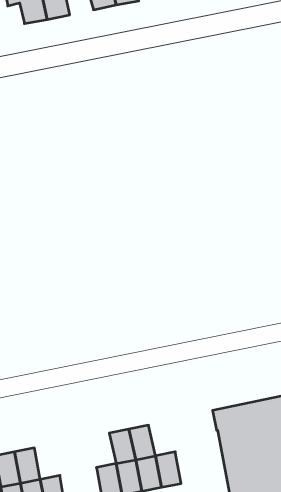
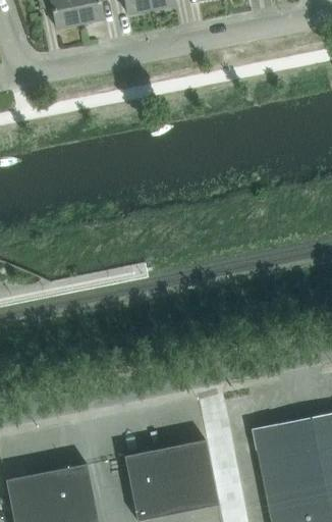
building: none -> [186,440,214,476]
building: none -> [125,453,153,488]
building: none -> [68,464,95,501]

